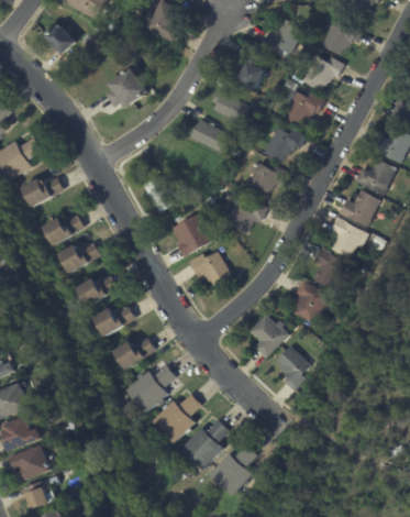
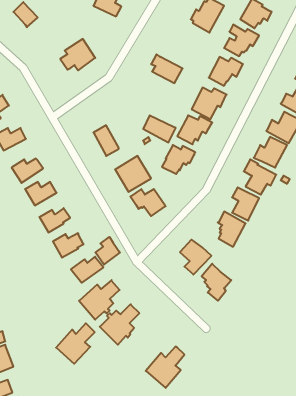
building: [236,52,267,90] -> none
building: [192,120,232,153] -> [143,115,176,142]
building: none -> [95,237,120,265]
building: [180,419,228,469] -> [56,323,95,364]

